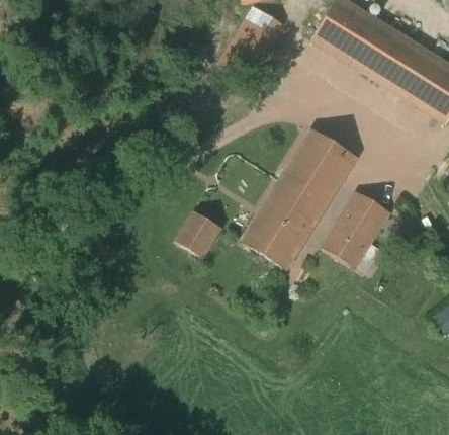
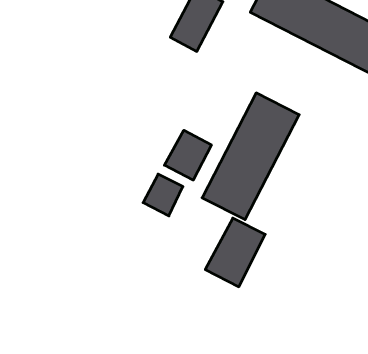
building: none -> [164,130,211,180]
building: [322,190,391,267] -> [205,218,265,287]

